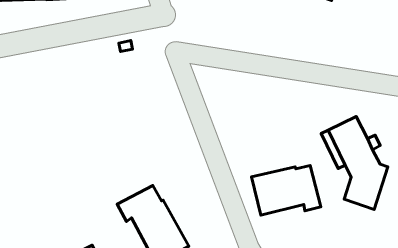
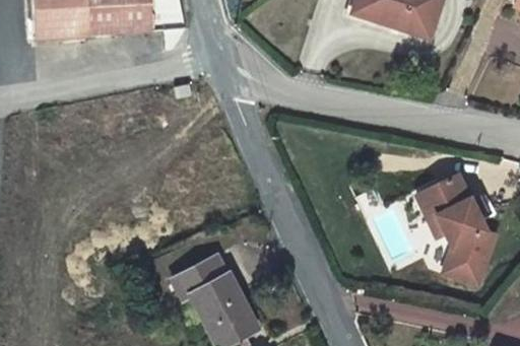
building: [252,165,321,215] -> none

